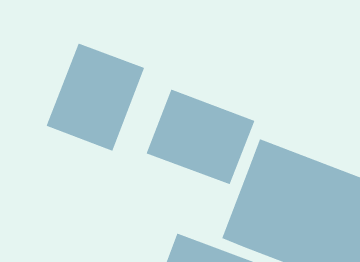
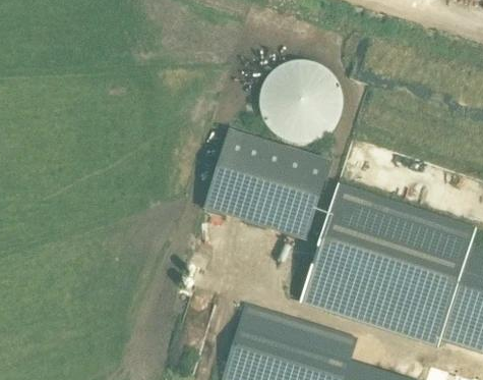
building: none -> [259,59,343,143]
building: [45,43,145,152] -> none

